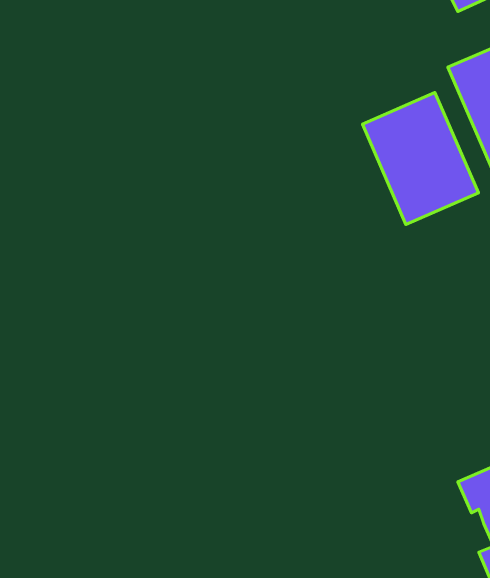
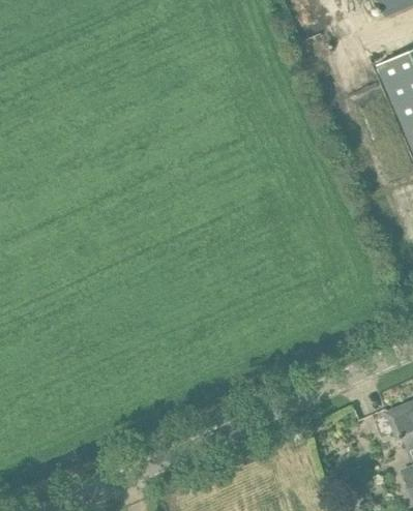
building: [363,92,478,224] -> none

